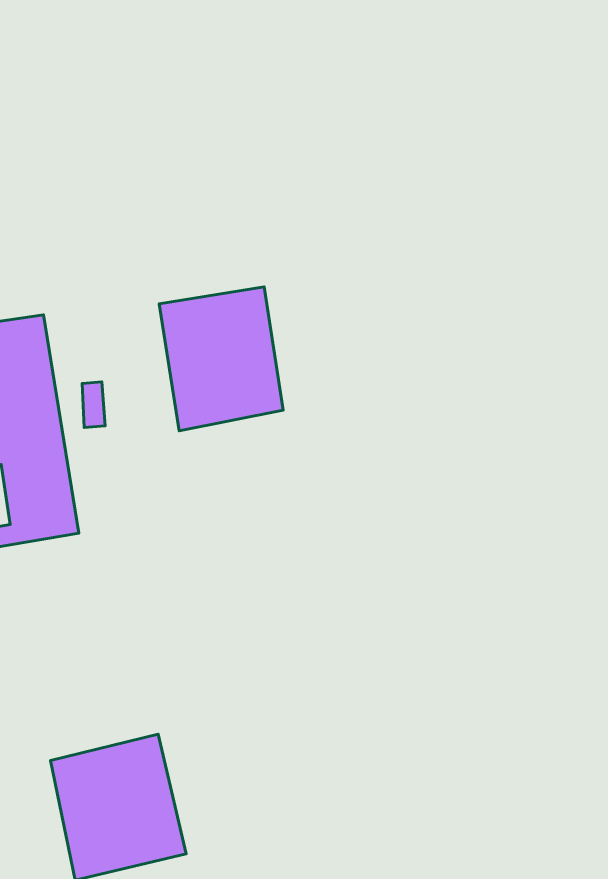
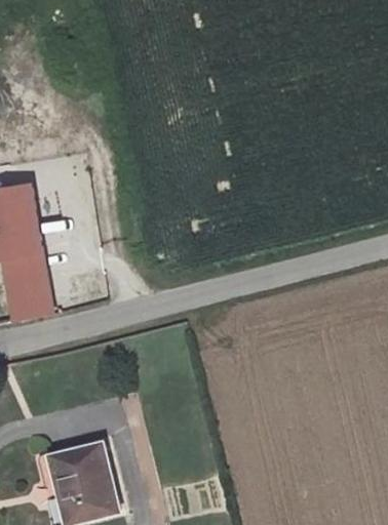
building: [159,287,283,431] -> none

